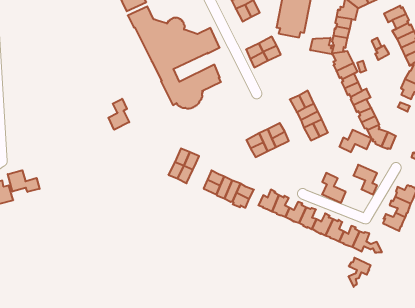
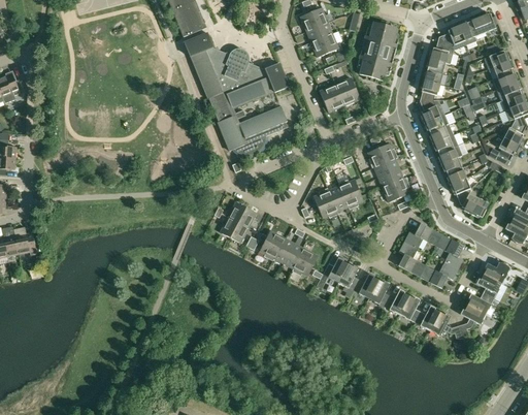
building: [310,38,333,54] -> none
building: [108,99,129,130] -> none
building: [339,130,371,152] -> [404,222,442,248]
building: [8,170,40,192] -> none
building: none -> [420,262,458,288]
building: [348,258,371,287] -> [459,304,486,338]

